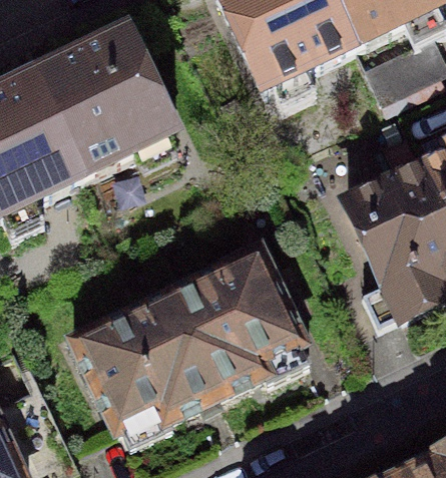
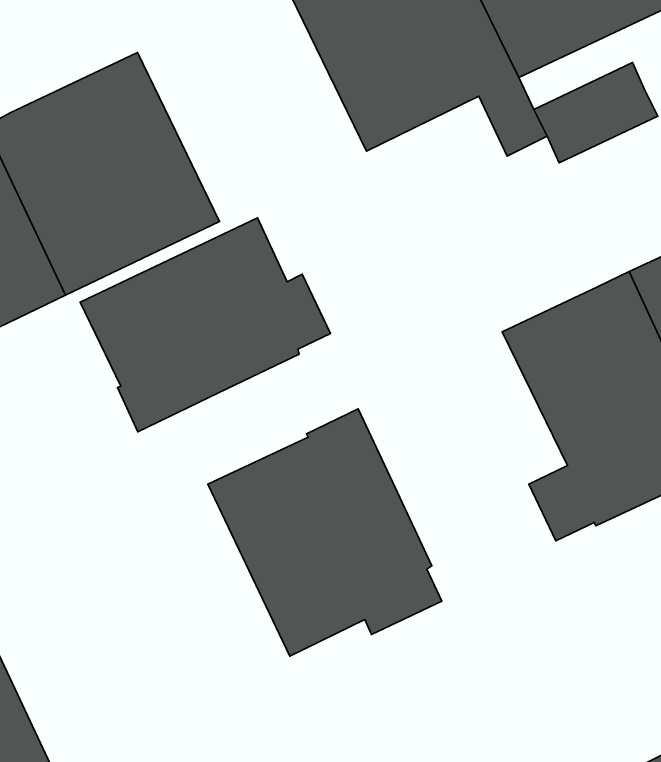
building: none -> [80,218,330,432]
building: [73,291,218,446] -> none

